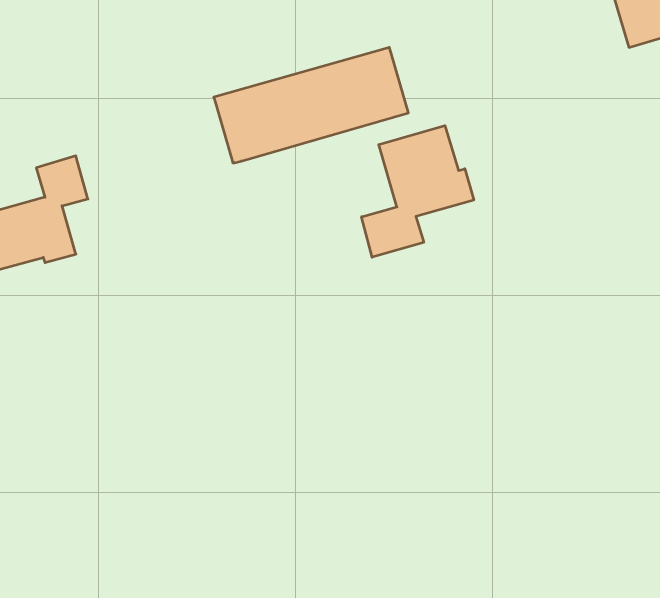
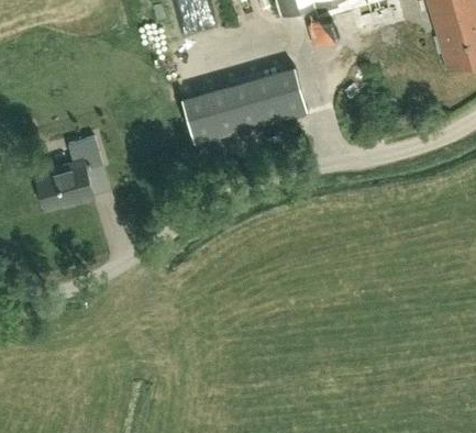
building: [362,126,474,257] -> none

